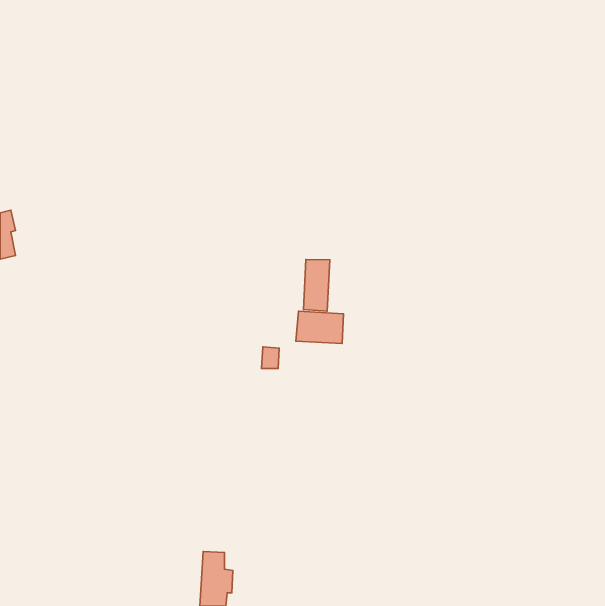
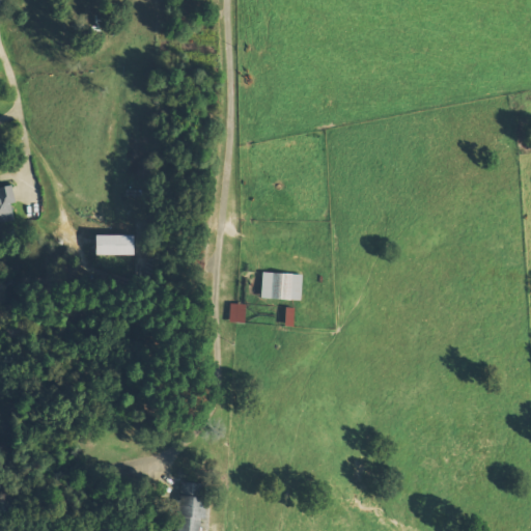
building: [303,260,330,311] -> none
building: none -> [92,234,132,255]

